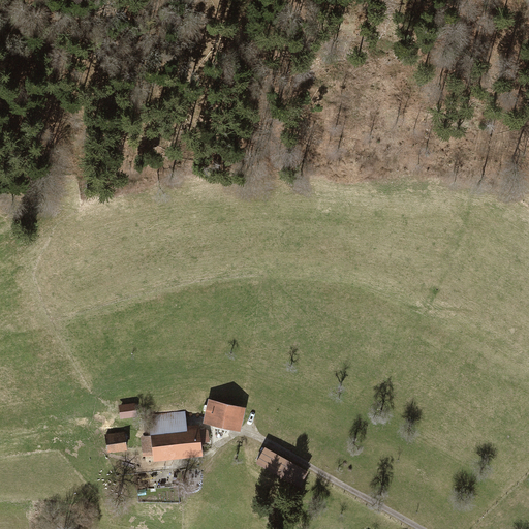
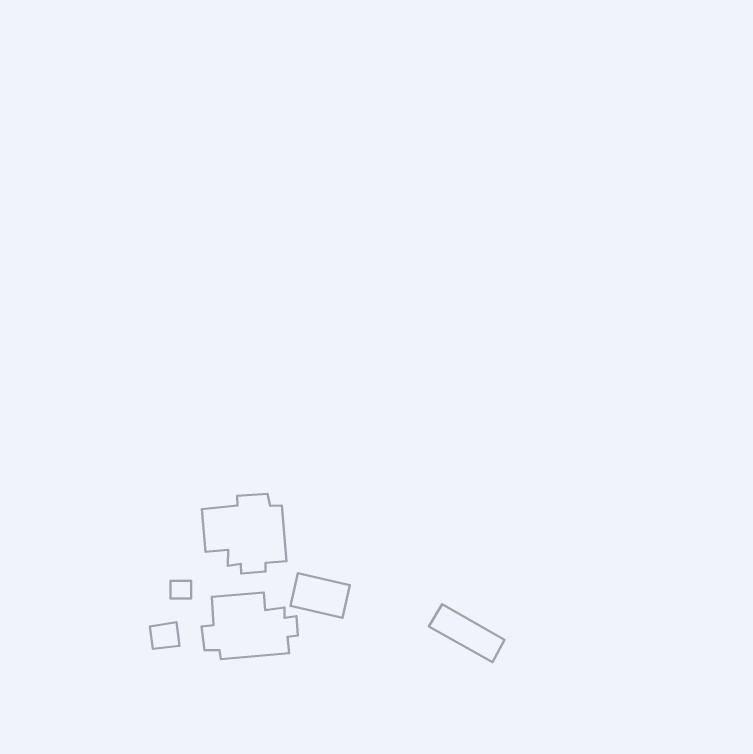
building: none -> [202,494,286,574]
building: [254,447,307,488] -> [429,604,504,662]

